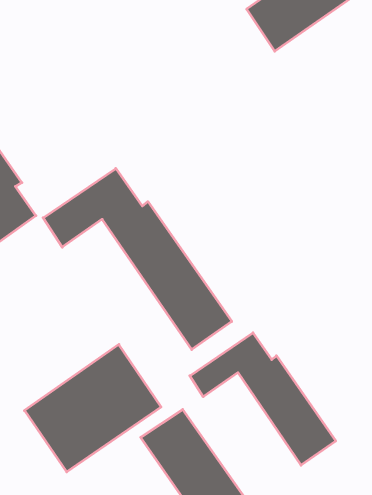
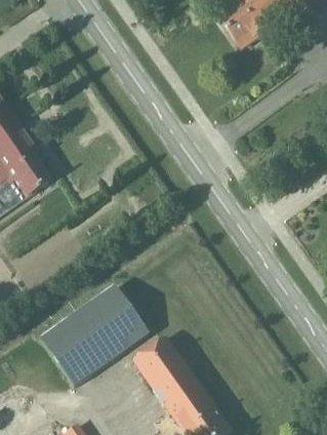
building: [43,168,232,350] -> none
building: [190,333,336,465] -> none

